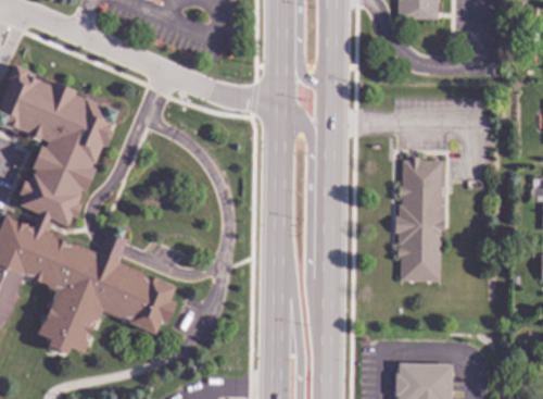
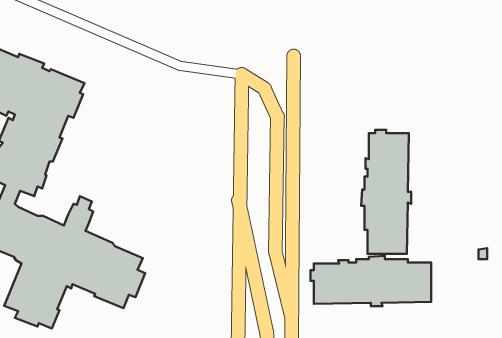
building: none -> [311,256,431,306]

